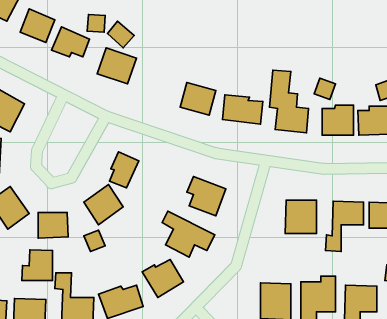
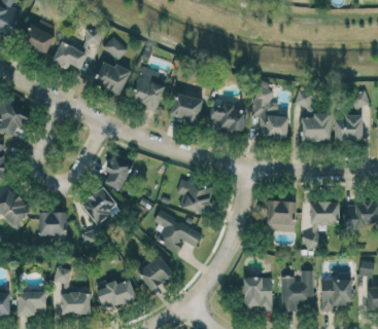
building: none -> [132,67,165,108]
building: [22,250,53,281] -> none

